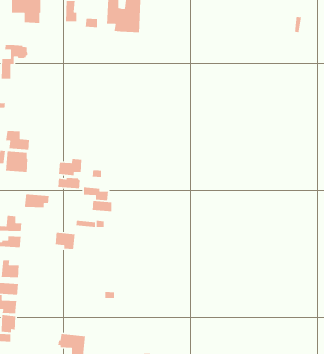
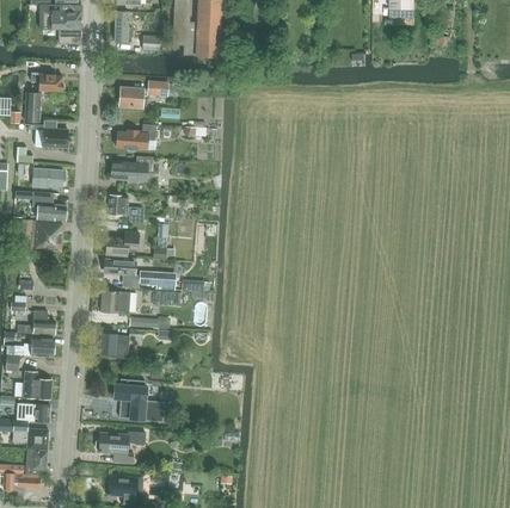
building: none -> [119,81,168,107]
building: none -> [43,120,67,148]
building: none -> [115,124,156,150]
building: none -> [110,156,153,181]
building: none -> [32,168,66,187]
building: none -> [109,194,143,224]
building: [24,194,50,209] -> [100,291,136,312]
building: none -> [113,379,165,422]
building: none -> [94,430,143,463]

